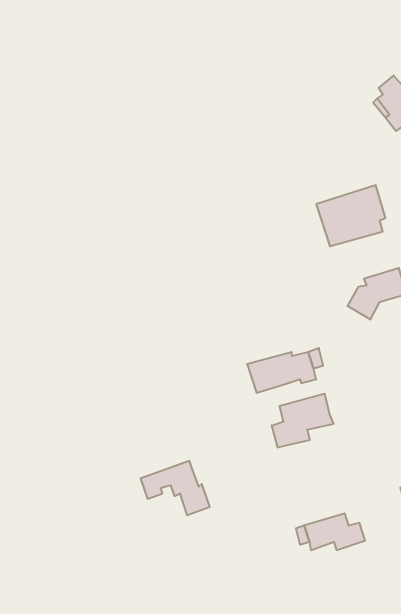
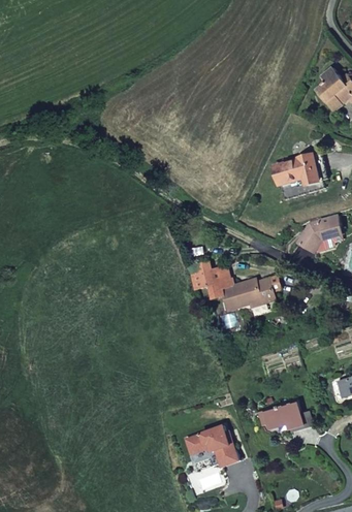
building: none -> [189,266,218,288]
building: [272,394,333,448] -> none
building: [141,461,210,515] -> [186,425,238,467]

